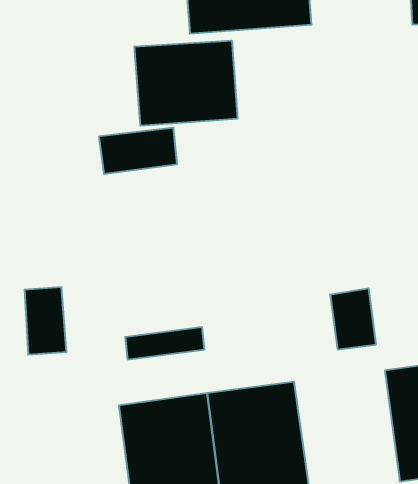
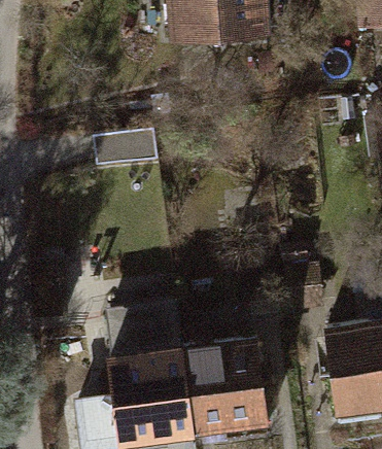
building: [135,41,237,126] -> none

